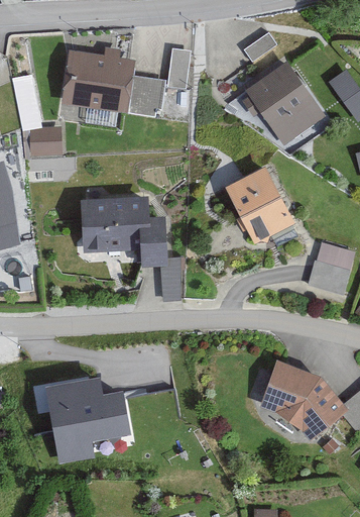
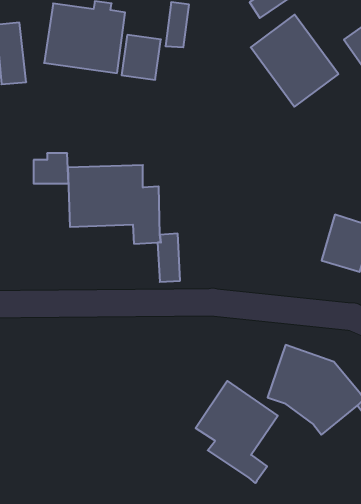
building: [31,129,63,157] -> [34,153,68,184]
building: [225,166,291,241] -> none
building: [36,375,132,463] -> none
building: none -> [196,381,278,483]

